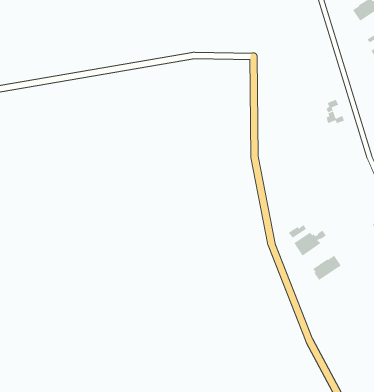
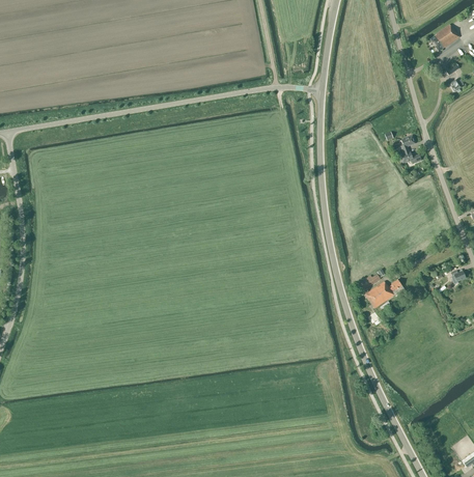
building: [312,255,342,281] -> none

